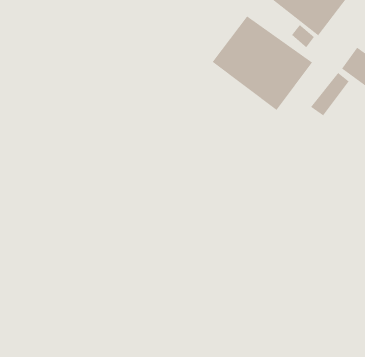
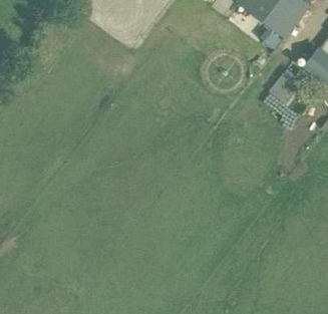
building: [212,15,313,111] -> none

